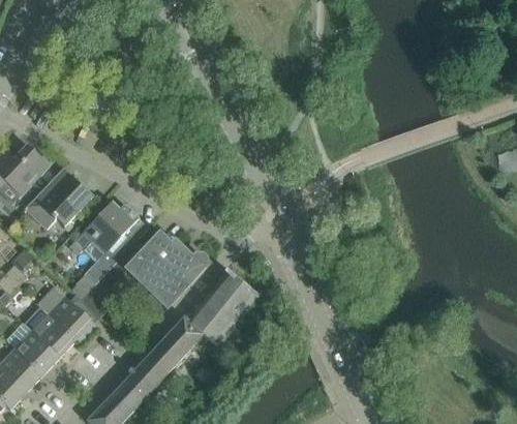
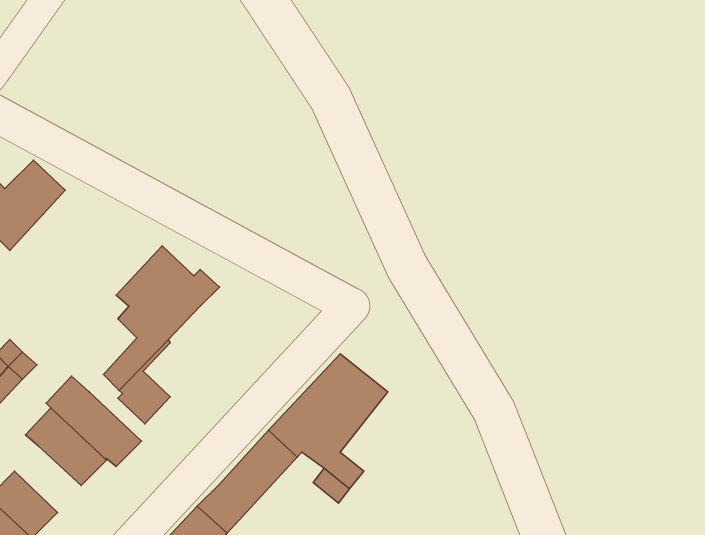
building: [25,166,85,228] -> none
building: [127,233,206,306] -> none
building: [16,330,59,373] -> none

